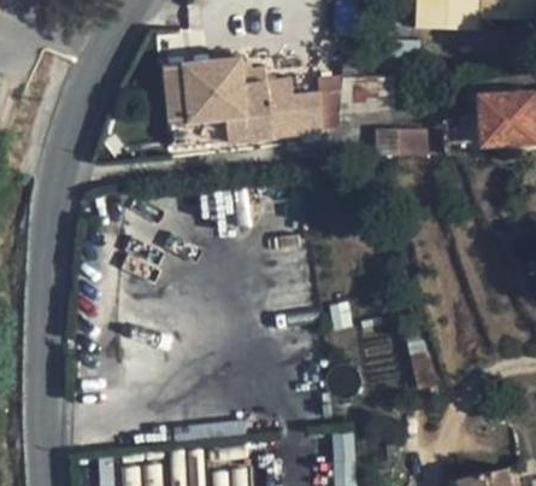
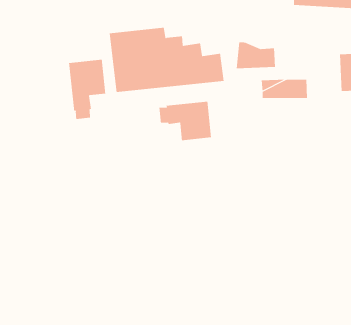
building: none -> [69,59,106,120]
building: none -> [159,101,212,141]

